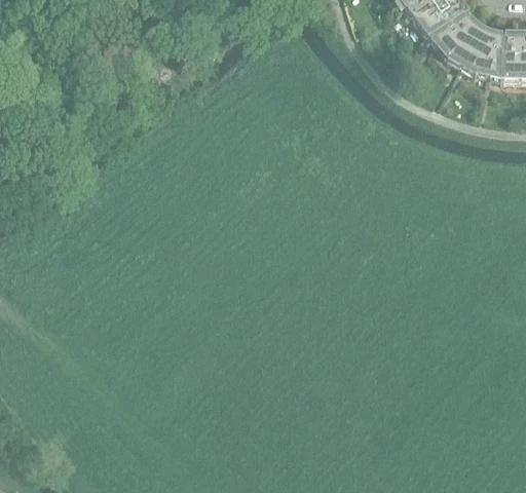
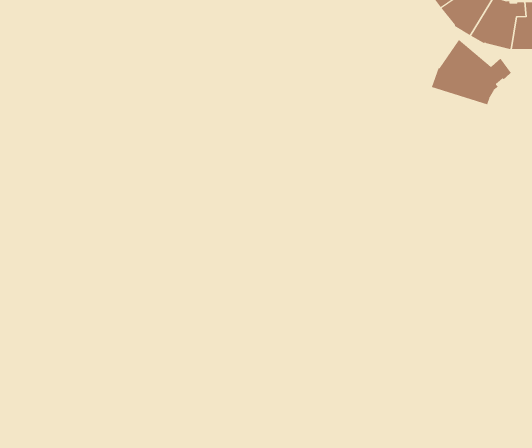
building: none -> [431,39,512,105]

